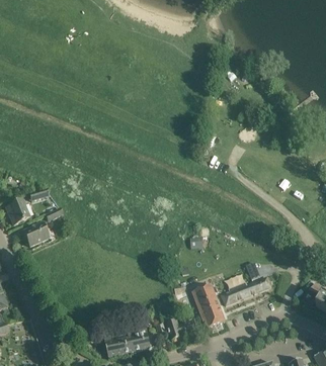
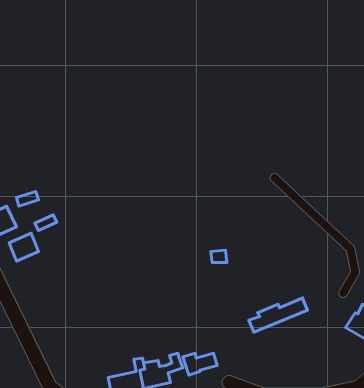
building: [192,285,225,329] -> none

